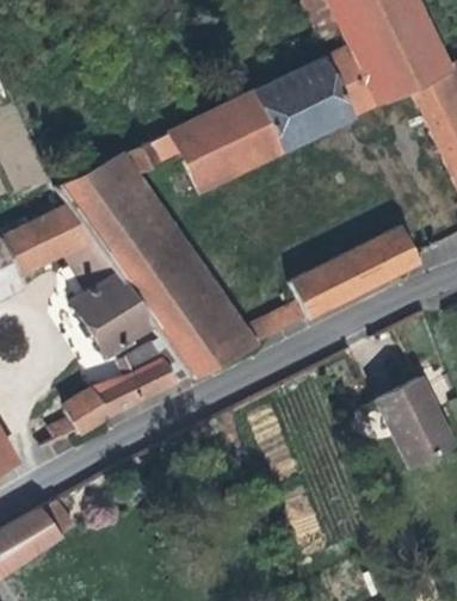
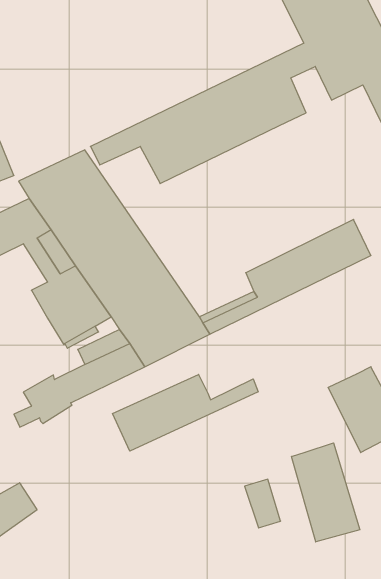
building: [338,69,379,117] -> none
building: none -> [113,374,258,451]
building: none -> [292,443,360,542]

